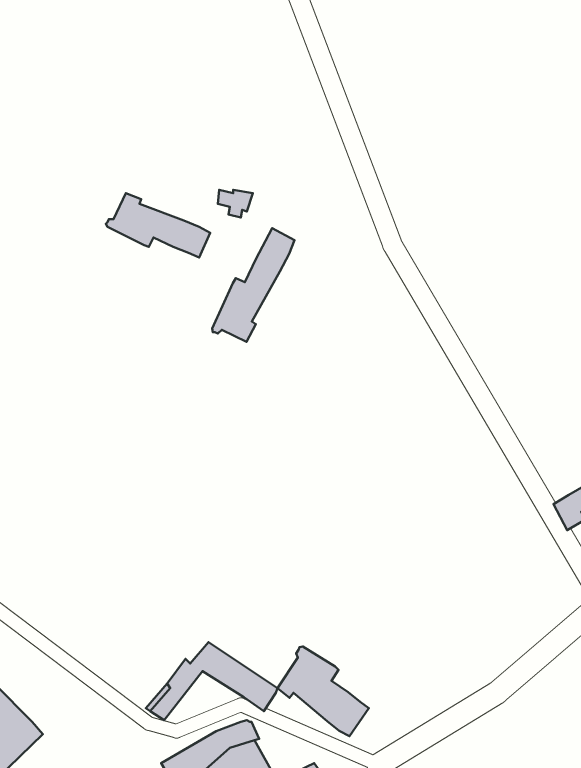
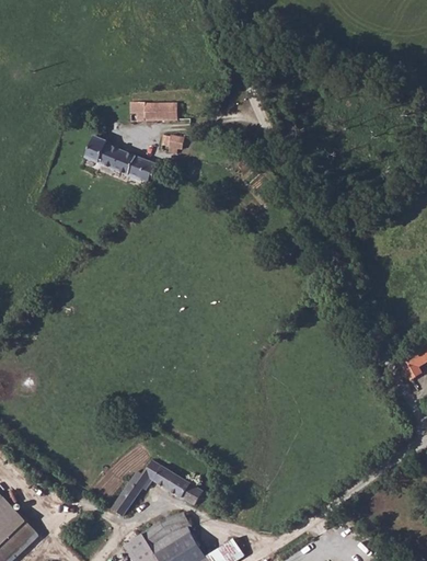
building: none -> [128,103,176,124]
building: [212,228,295,342] -> none
building: [278,646,369,736] -> none

